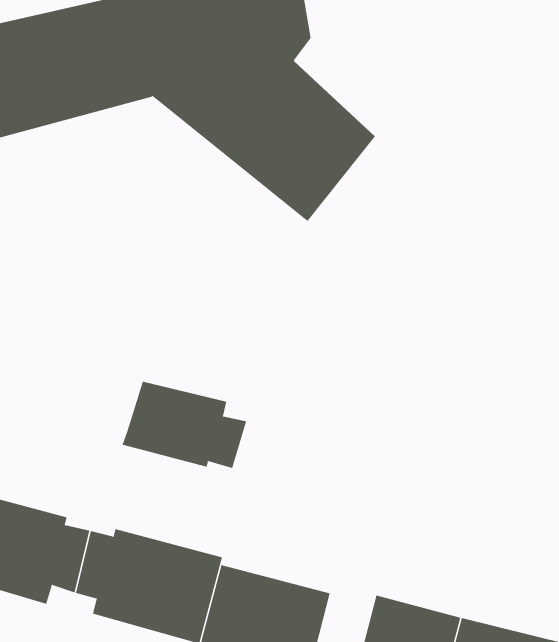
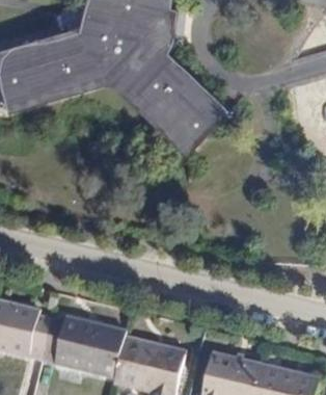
building: [122,381,247,469] -> none

